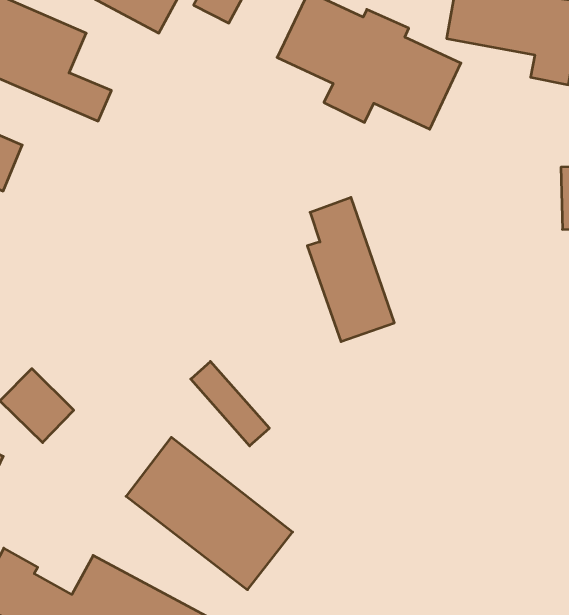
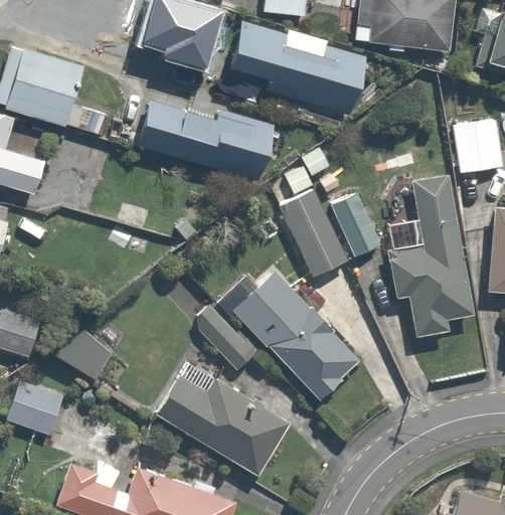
building: none -> [140,102,276,177]
building: none -> [388,179,475,336]
building: none -> [330,195,378,258]
building: none -> [228,269,355,399]

